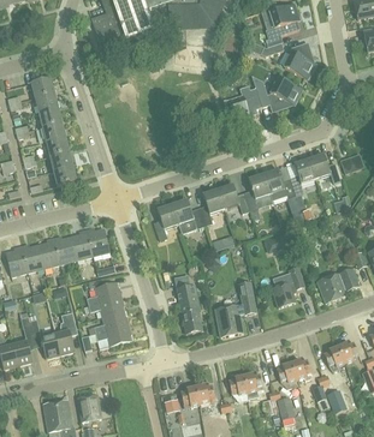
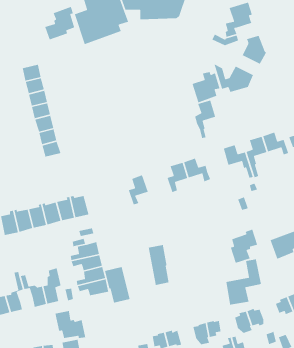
building: none -> [44,6,75,41]
building: [244,174,269,220] -> [194,99,216,139]
building: [171,199,204,233] -> none
building: [215,281,257,335] -> [225,259,262,305]
building: none -> [104,266,131,304]
building: none -> [54,310,86,339]

